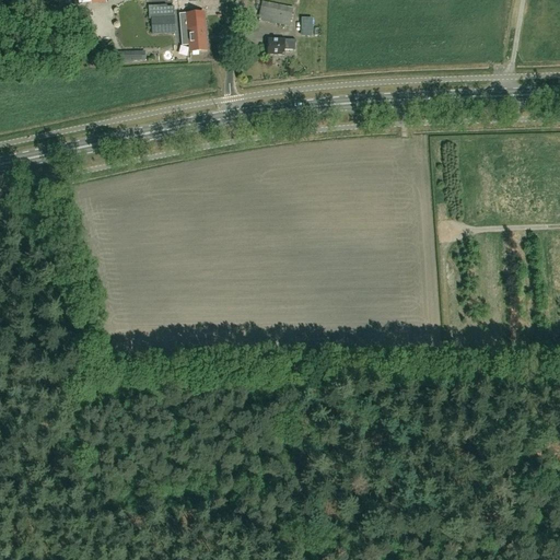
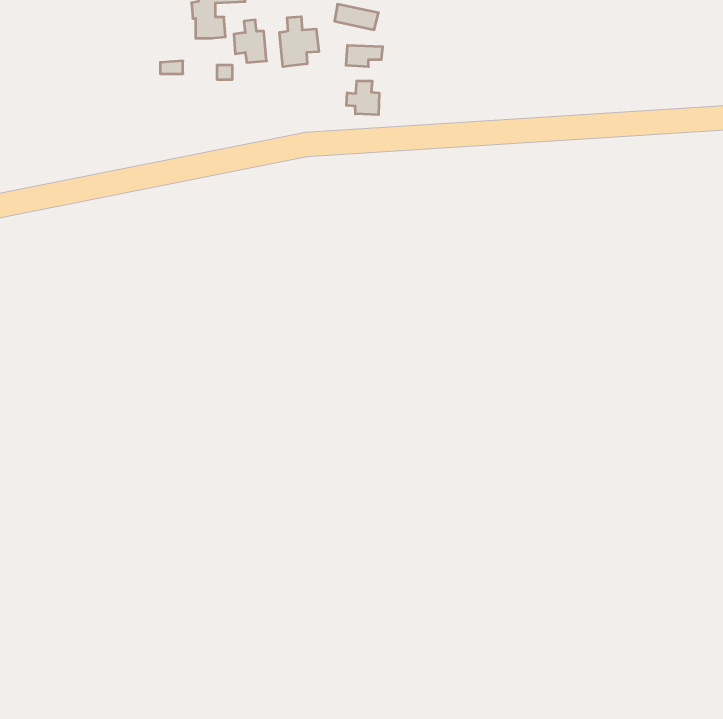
building: none -> [280,17,319,67]
building: none -> [346,81,379,115]

